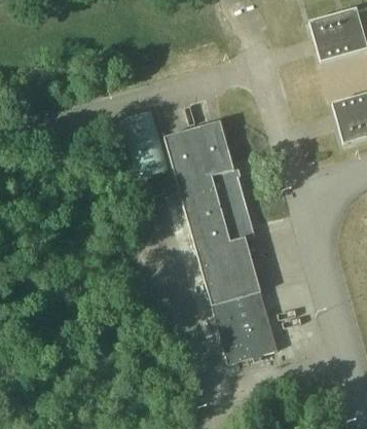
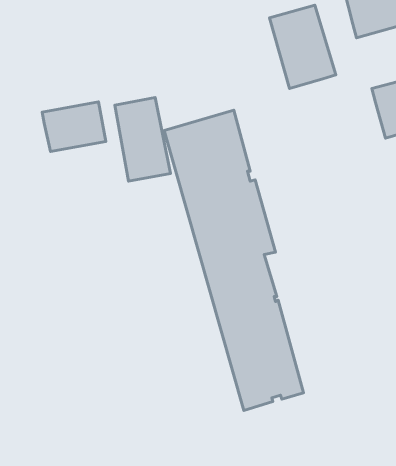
building: none -> [269,5,336,88]
building: none -> [42,102,106,151]

